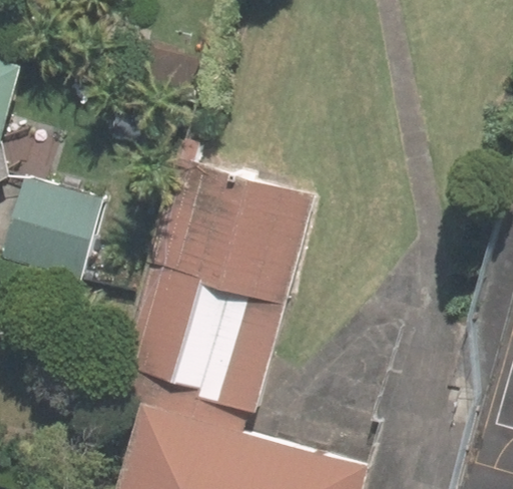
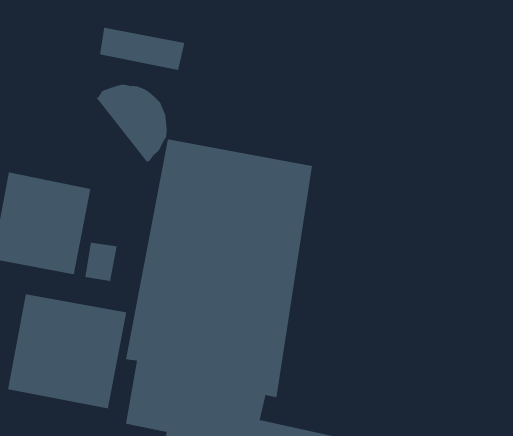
building: none -> [7,294,127,409]

